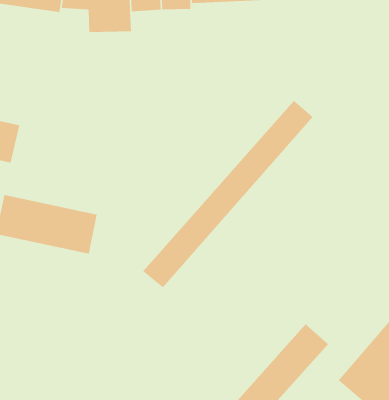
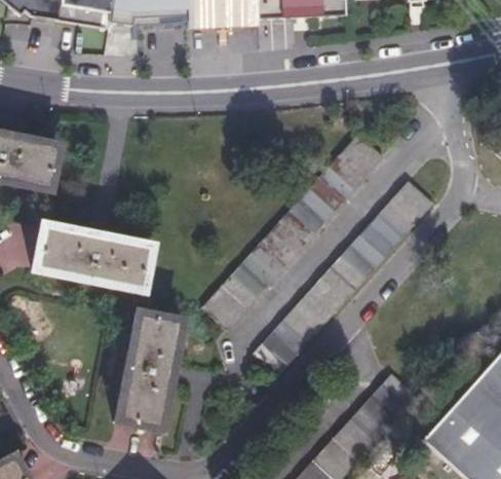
building: none -> [252,181,430,378]
building: none -> [112,319,180,437]

